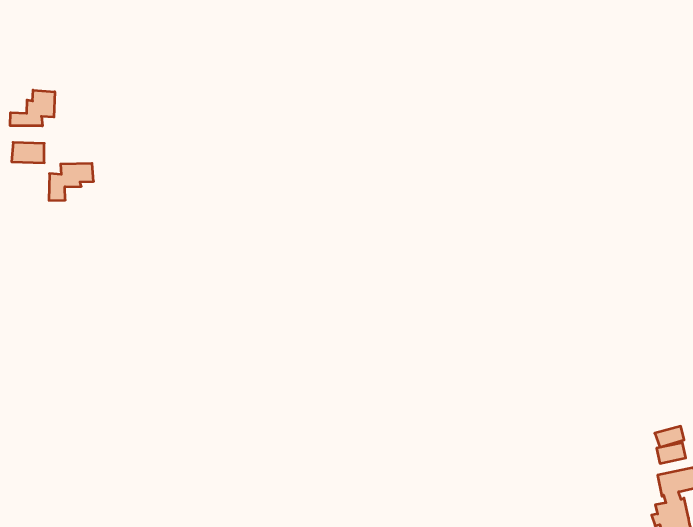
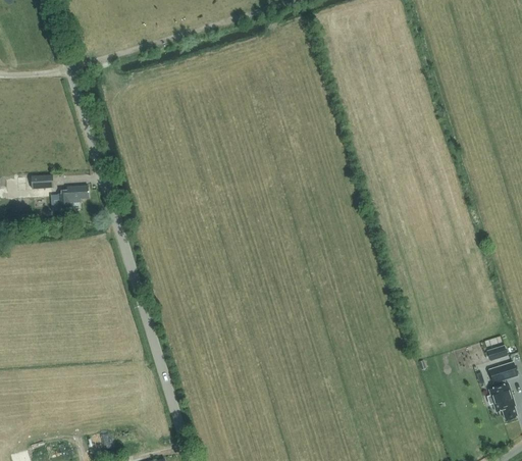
building: [10,90,55,126] -> none

